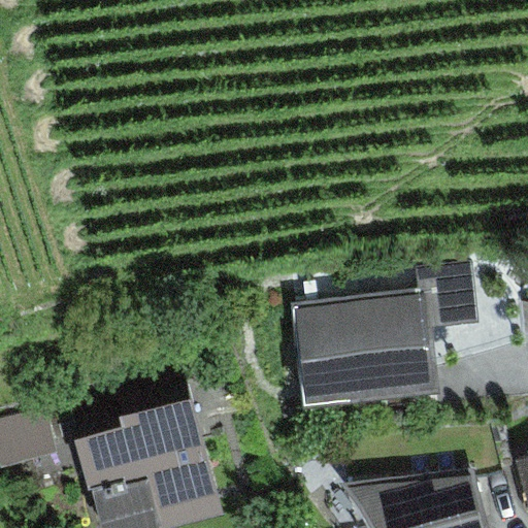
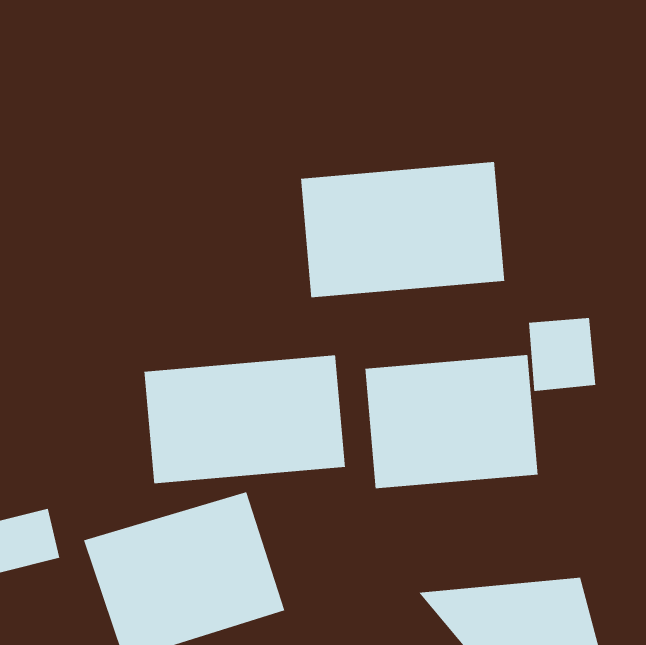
building: none -> [300,161,505,298]
building: none -> [144,355,345,484]

